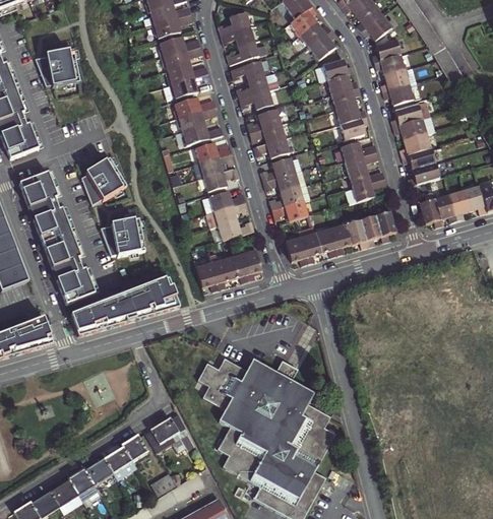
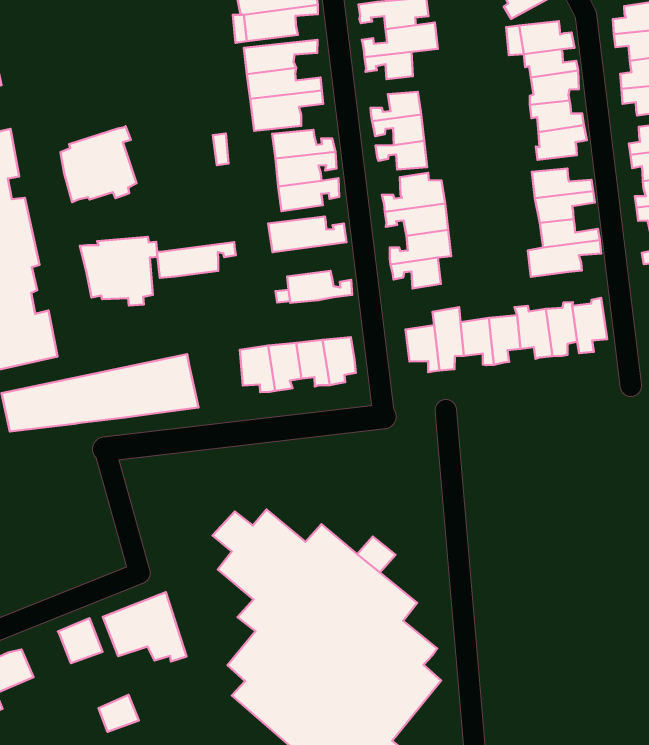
building: [203,201,247,228] -> [157,242,236,278]
building: [104,443,137,477] -> none

